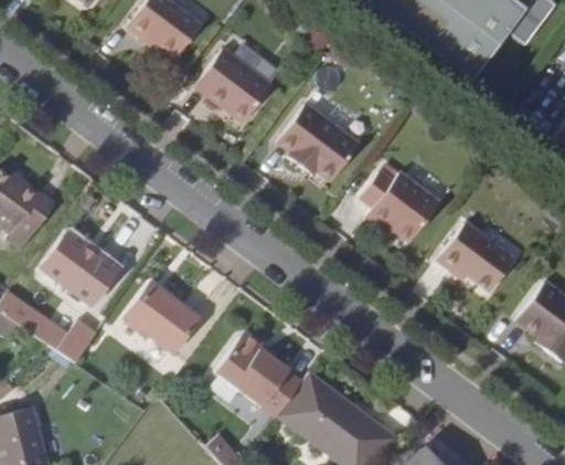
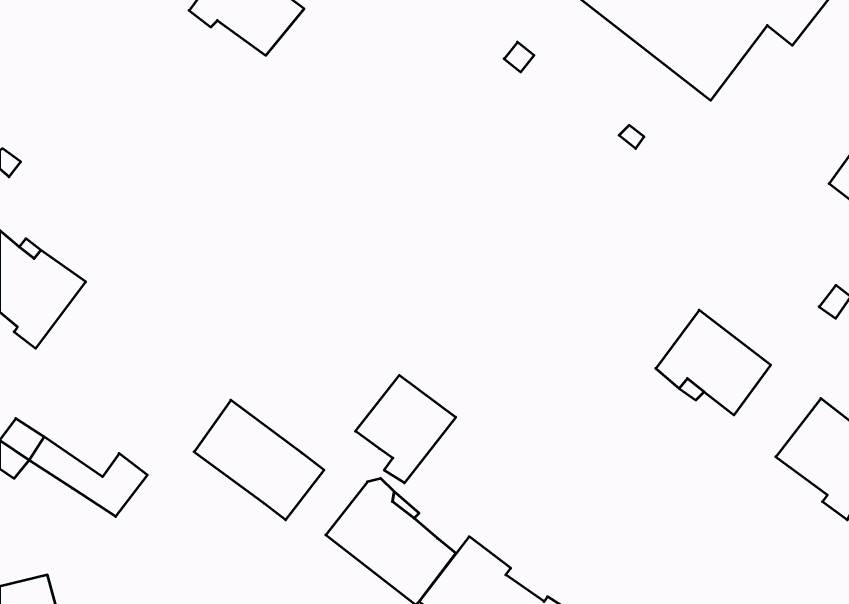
building: [198,47,271,119] -> none
building: [277,104,359,179] -> none
building: [355,172,435,243] -> none
building: [45,234,117,300] -> none
building: none -> [355,375,456,483]

